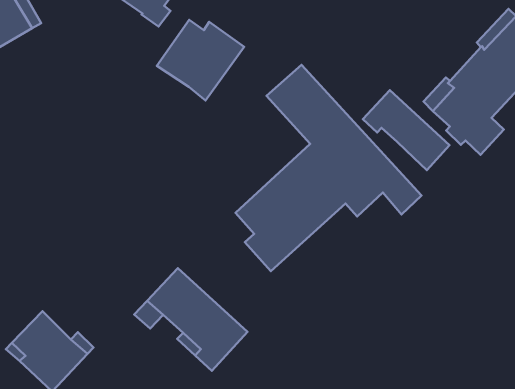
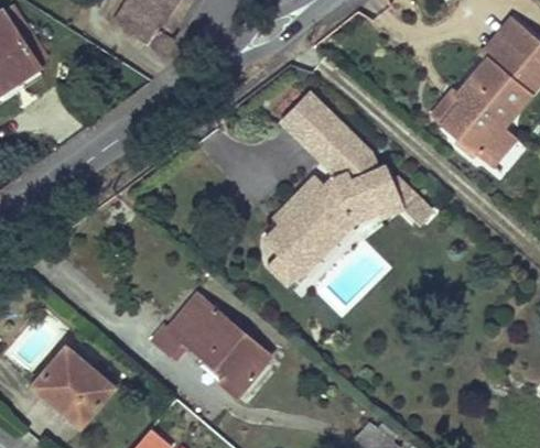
building: [157,20,244,101] -> none
building: [363,90,449,170] -> none

